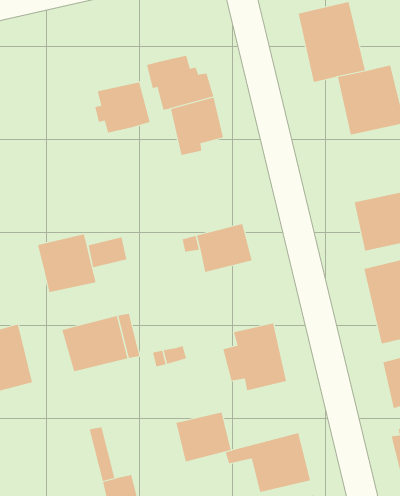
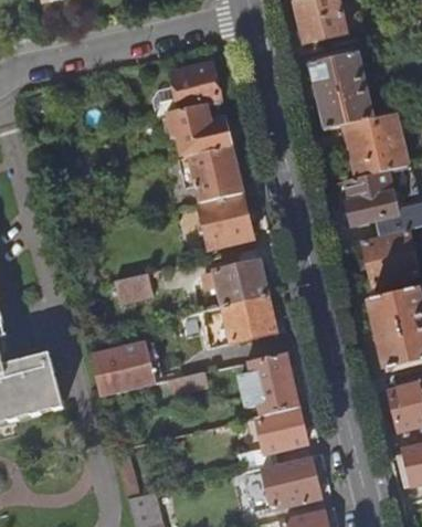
building: [94,82,151,133] -> [169,62,221,109]
building: none -> [342,171,397,225]
building: none -> [197,191,253,247]
building: [37,233,96,293] -> none
building: none -> [201,294,276,347]
building: [175,412,232,462] -> [255,405,307,452]

